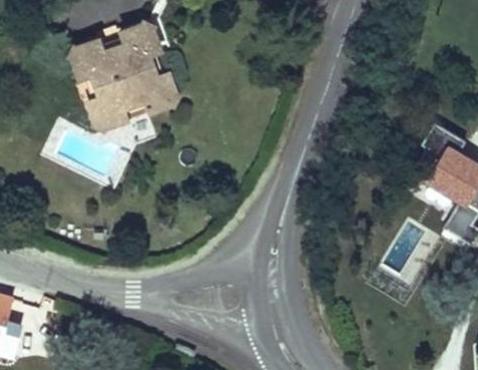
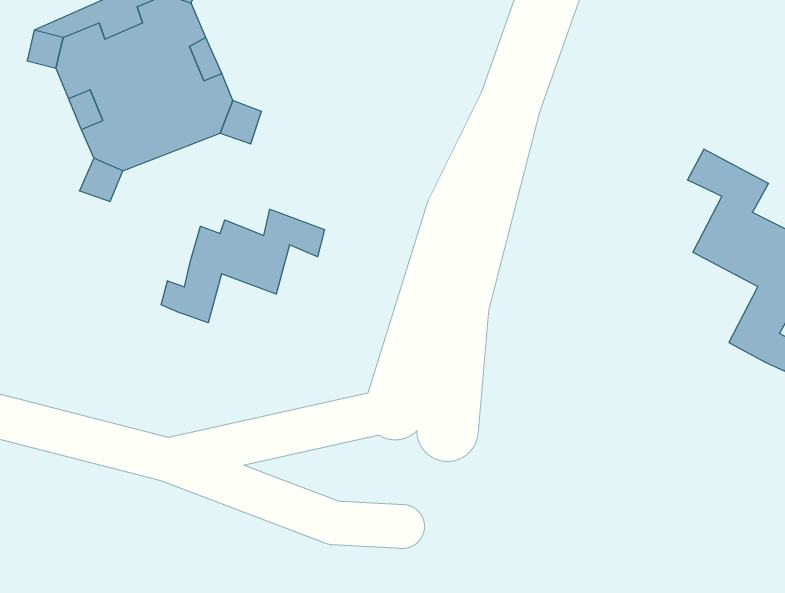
building: none -> [161,209,325,323]

